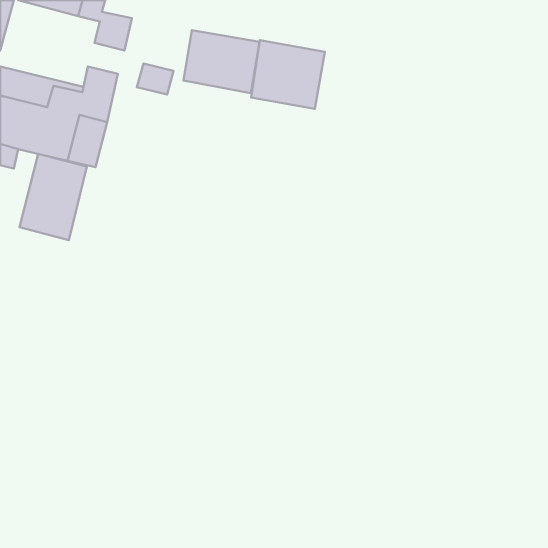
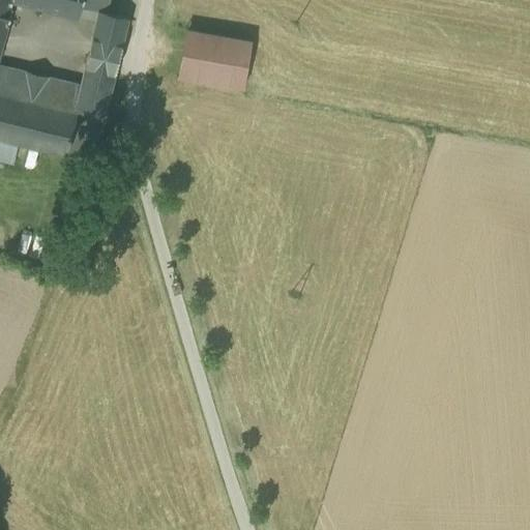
building: [251,40,325,109] -> none
building: [137,63,173,95] -> [85,41,120,71]
building: [19,154,87,240] -> none

